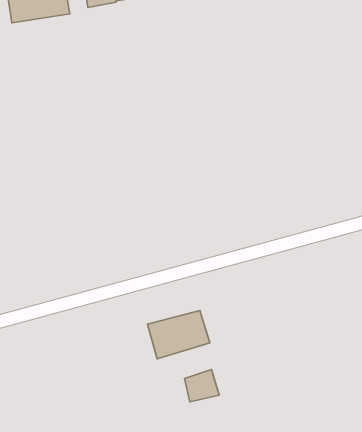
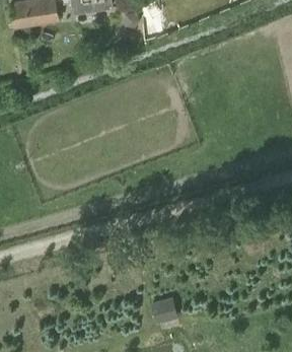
building: [148,310,210,359] -> none

